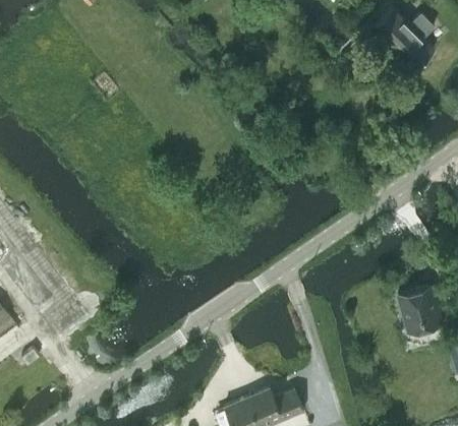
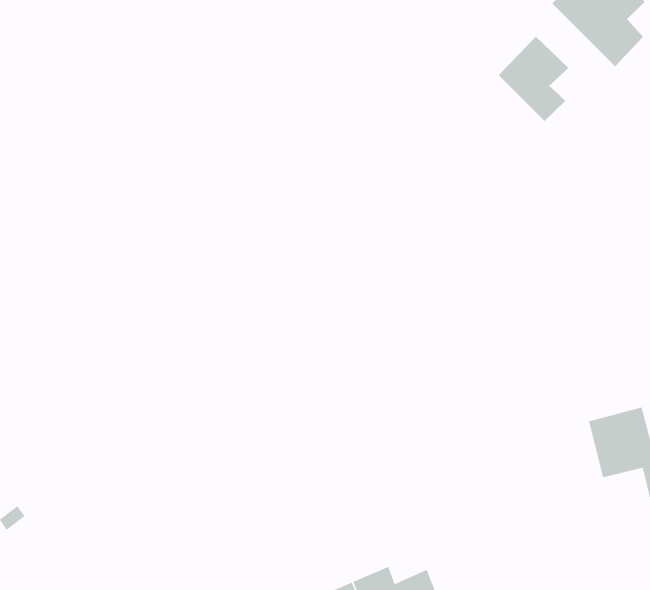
building: none -> [497,36,569,122]

